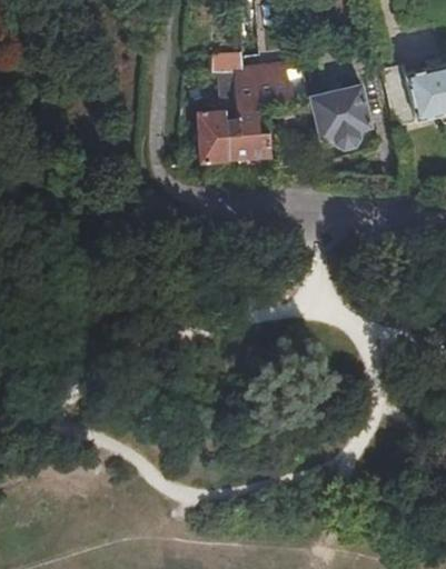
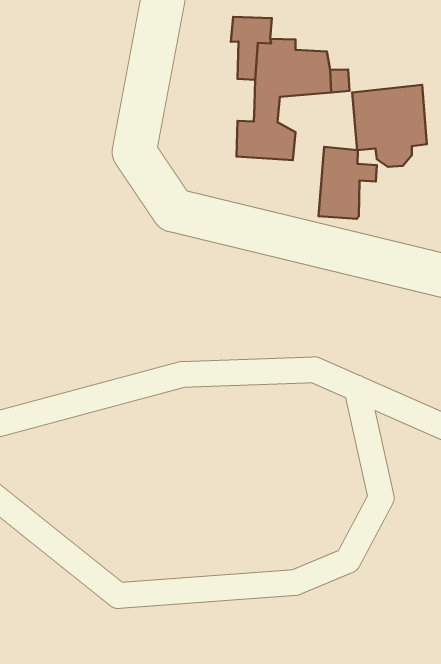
building: [197,109,239,162] -> [318,147,377,219]

